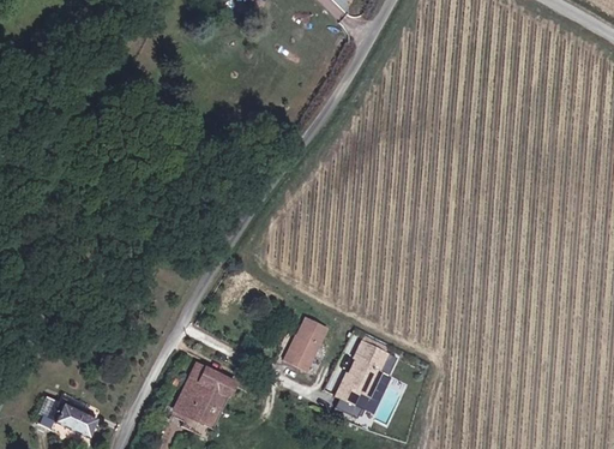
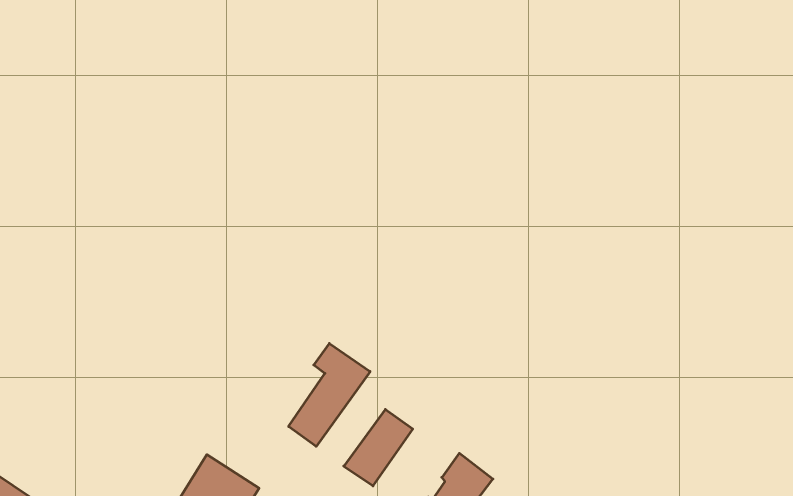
building: none -> [289,343,370,446]

